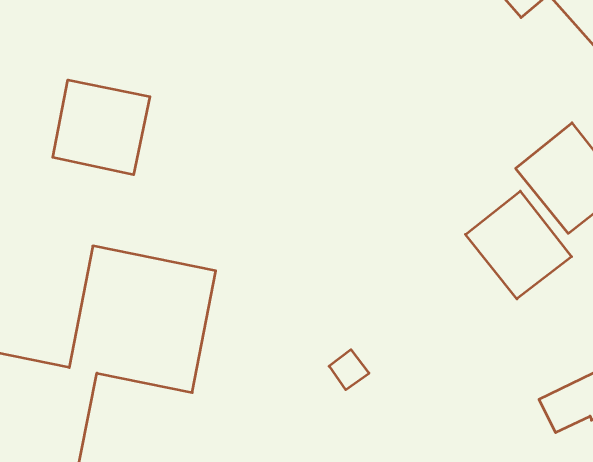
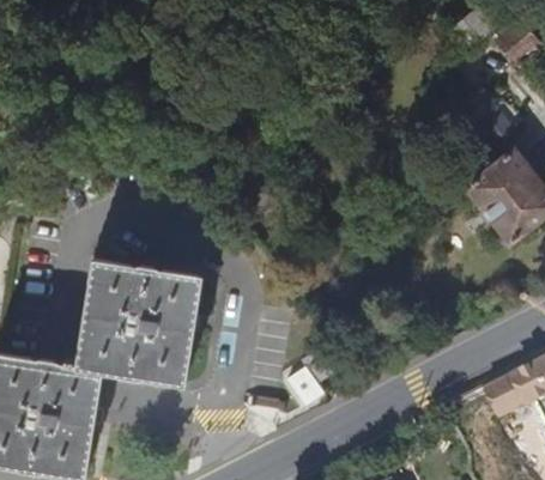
building: [53,80,150,175] -> none
building: [465,191,572,299] -> none

